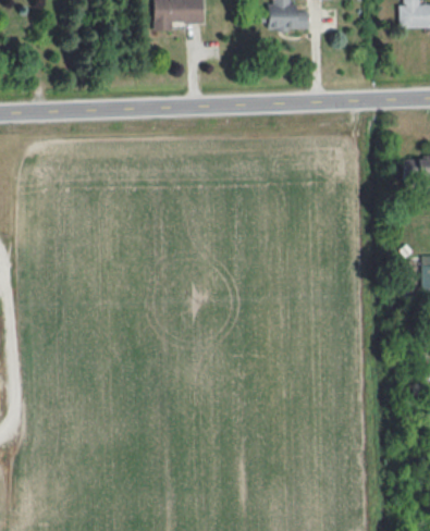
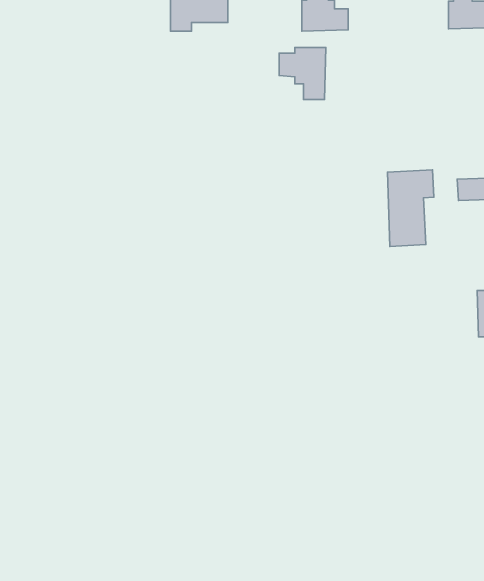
building: none -> [279,47,326,99]
building: none -> [388,170,434,246]

